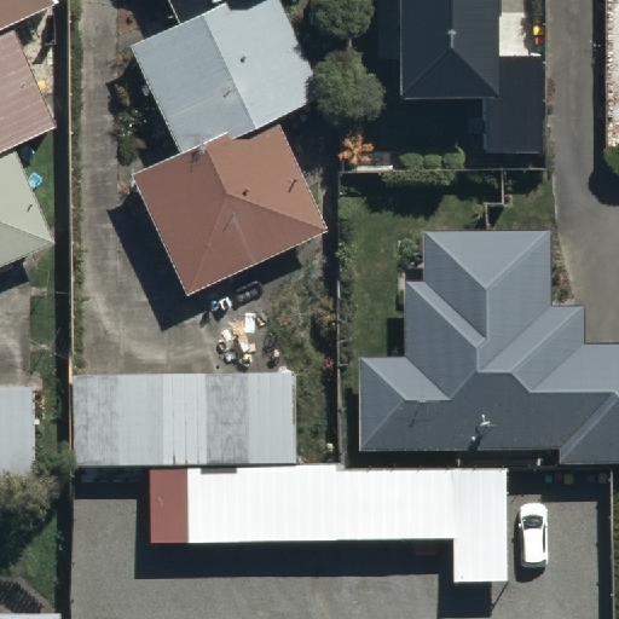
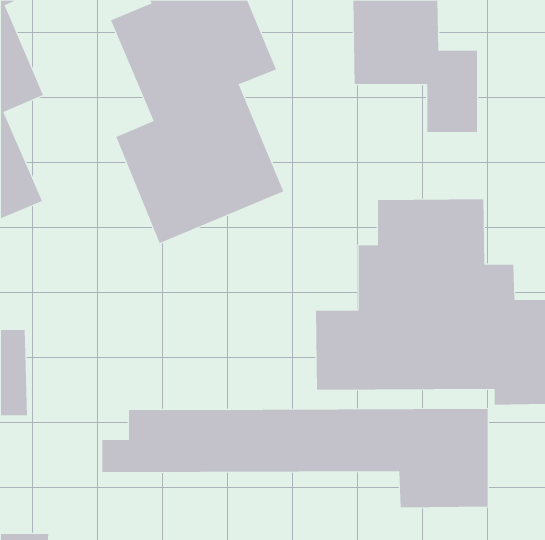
building: [71,370,297,472] -> none

